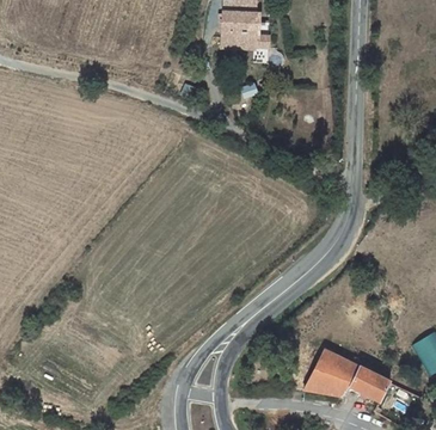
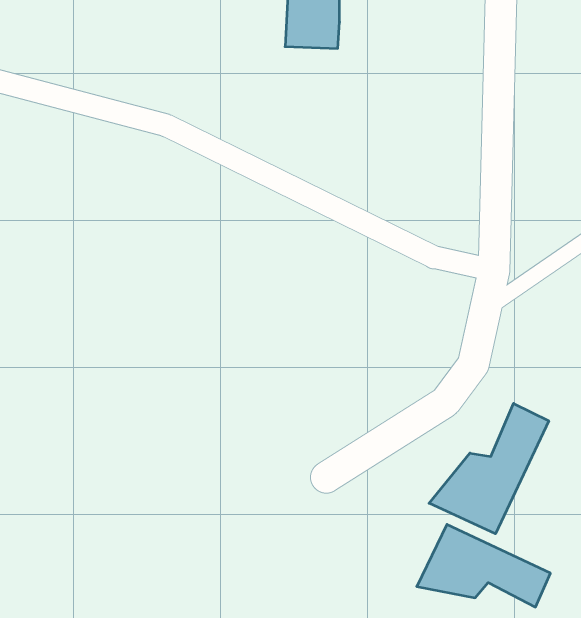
building: none -> [429,403,549,534]

